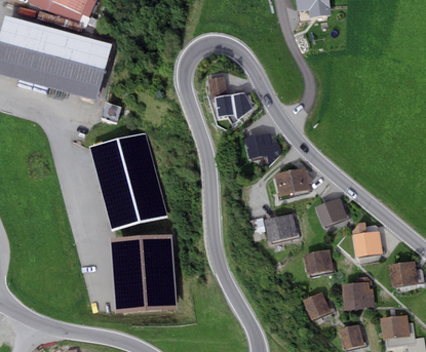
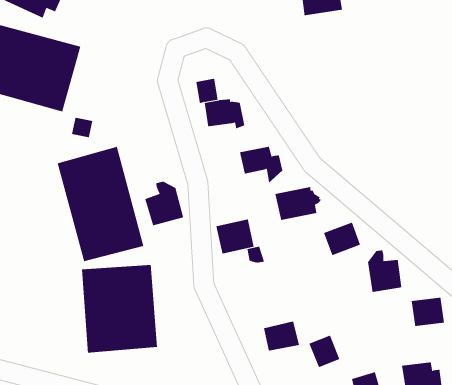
building: none -> [145,181,184,226]
building: [265,211,298,241] -> [216,219,255,254]
building: [304,247,335,273] -> [263,321,300,351]
building: [343,275,375,308] -> none

